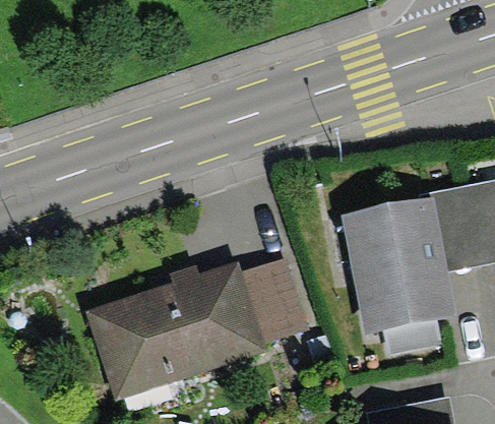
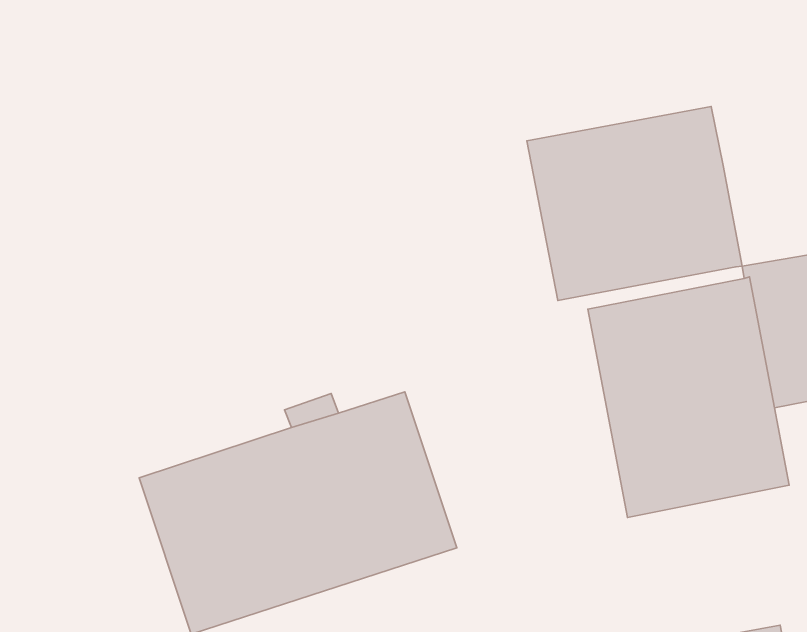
building: none -> [527,107,742,300]
building: [241,258,309,343] -> none

